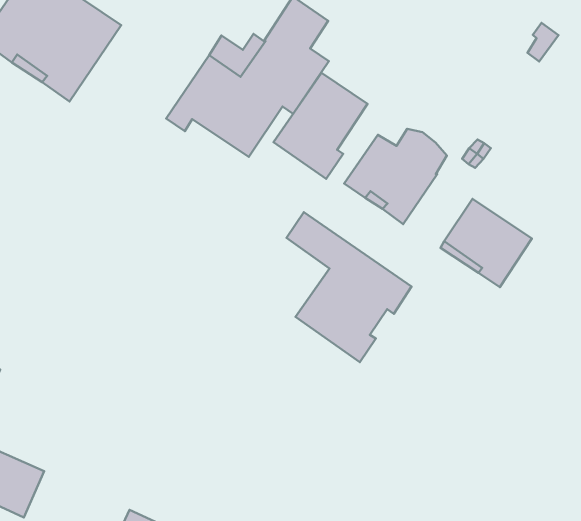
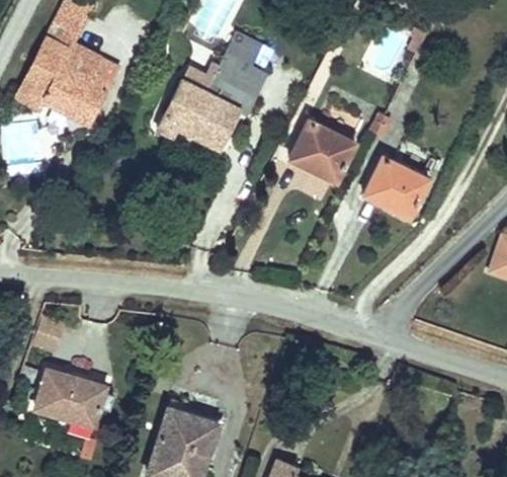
building: [274,73,368,179] -> none
building: [287,212,412,362] -> none

